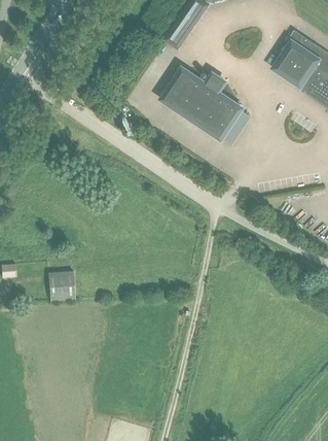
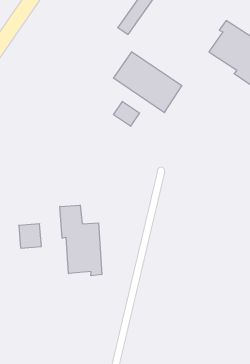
building: none -> [113,101,140,126]
building: none -> [60,205,102,276]

